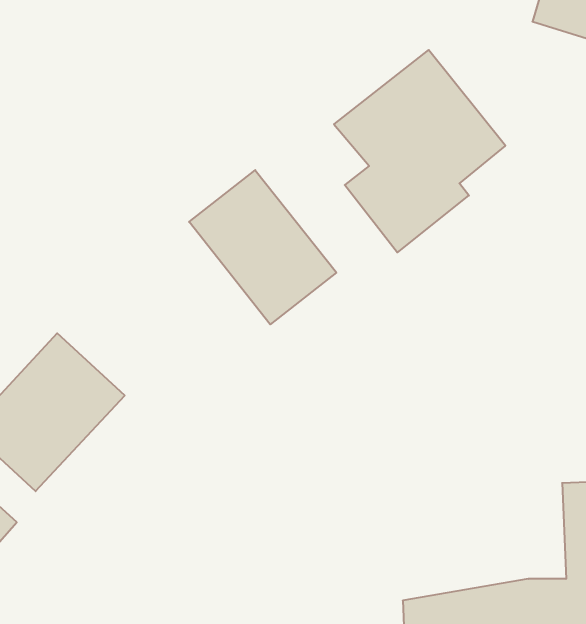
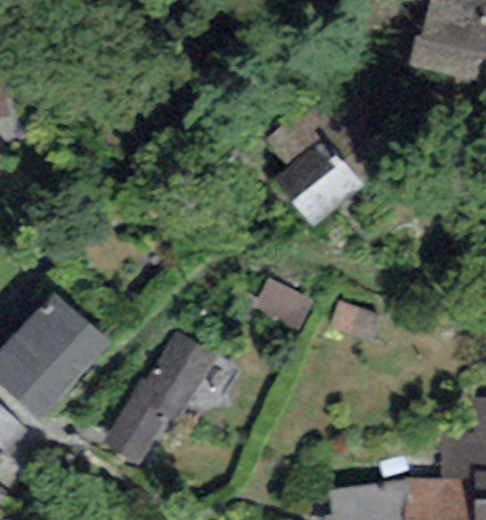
building: [189,170,336,324] -> none
building: none -> [102,334,216,463]

